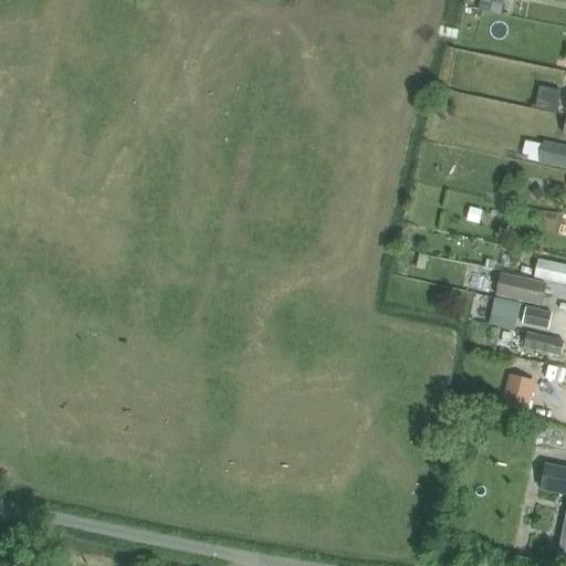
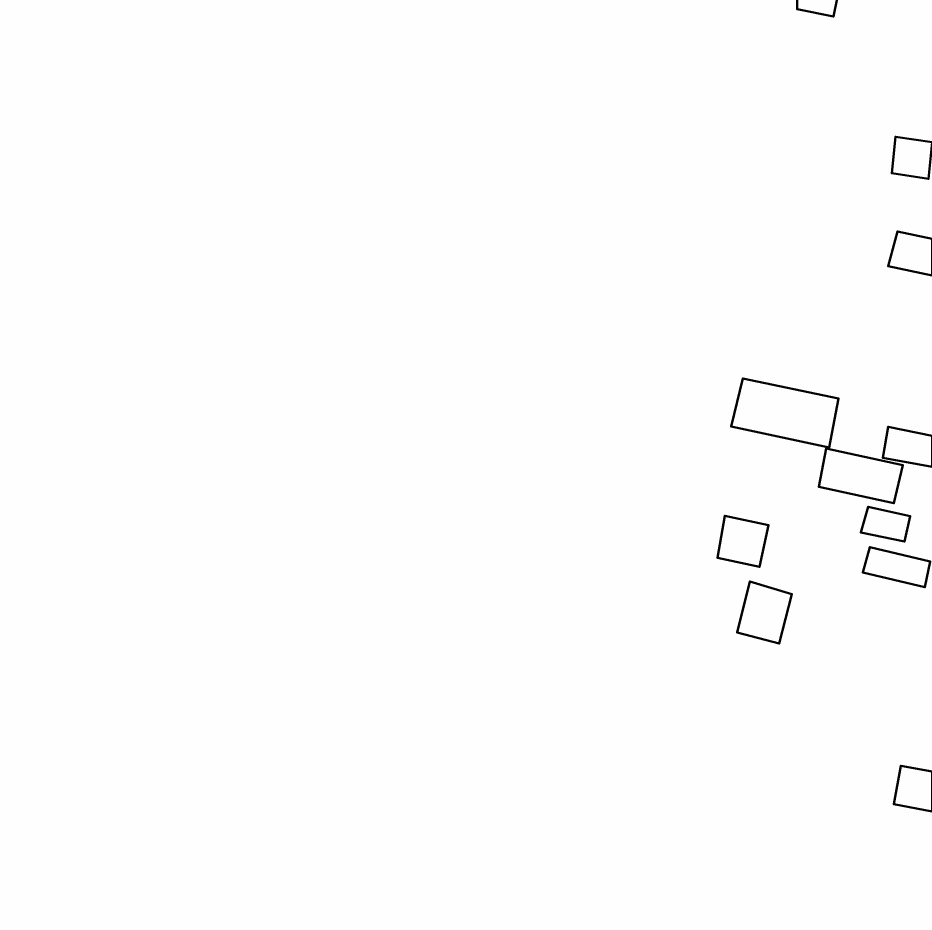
building: none -> [731,378,838,447]
building: [490,297,521,328] -> [717,516,769,567]
building: [502,374,535,411] -> [737,582,792,644]

